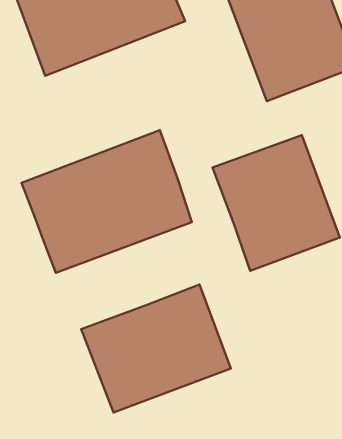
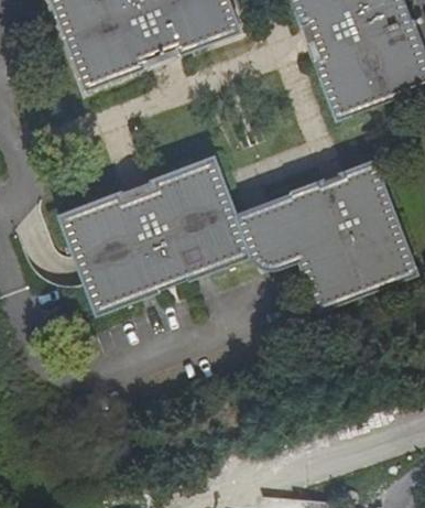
building: none -> [235,194,297,267]
building: [81,285,231,412] -> none

